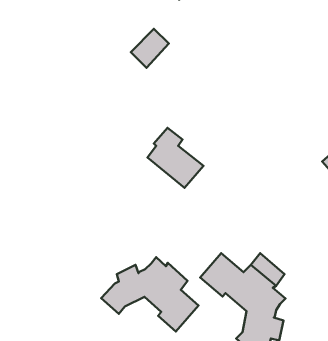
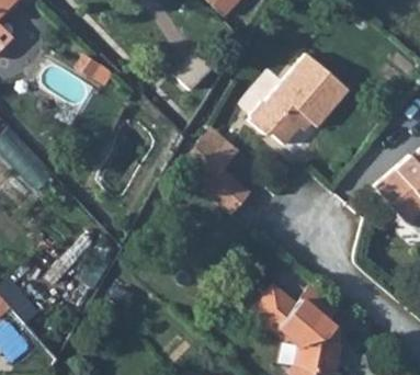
building: none -> [249,56,348,146]
building: [101,257,198,331] -> none

